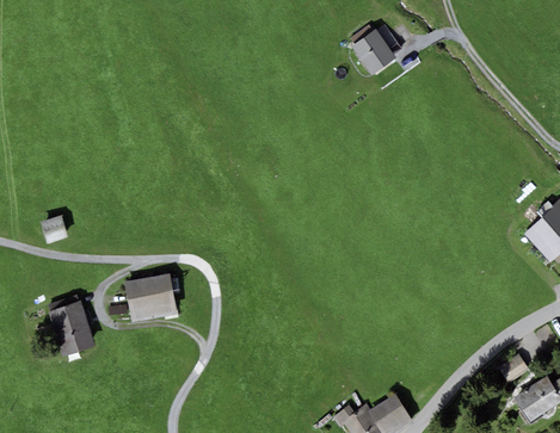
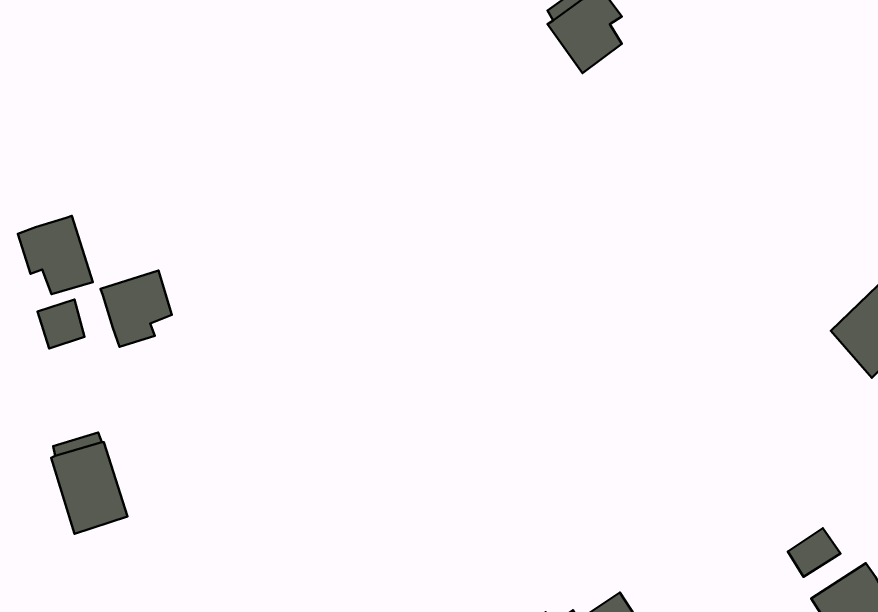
building: none -> [18,216,93,294]
building: none -> [100,270,172,347]
building: [125,273,177,322] -> none

